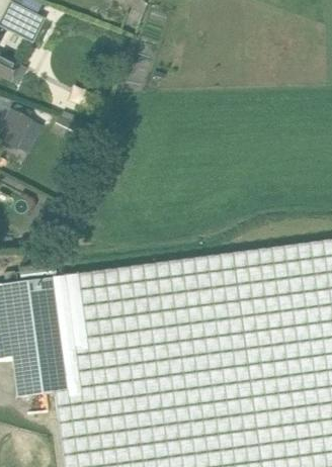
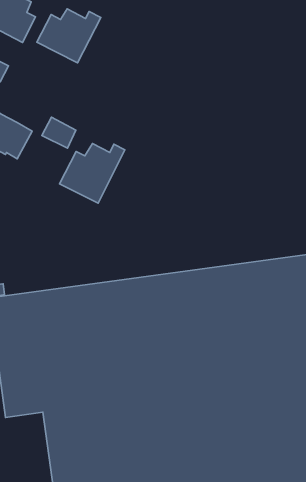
building: none -> [37,9,101,63]
building: none -> [60,143,125,203]

